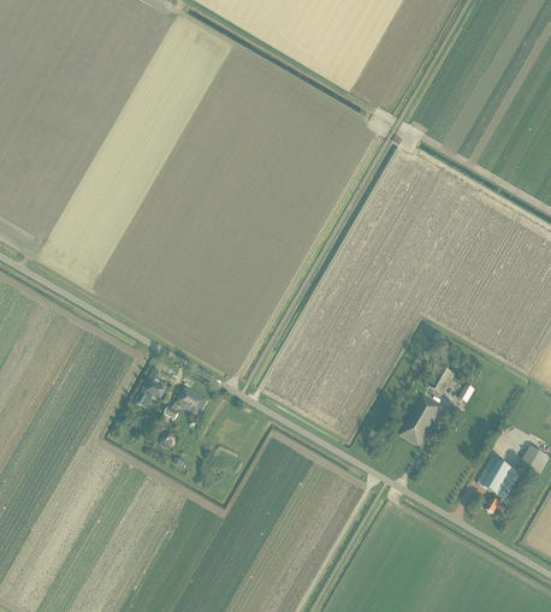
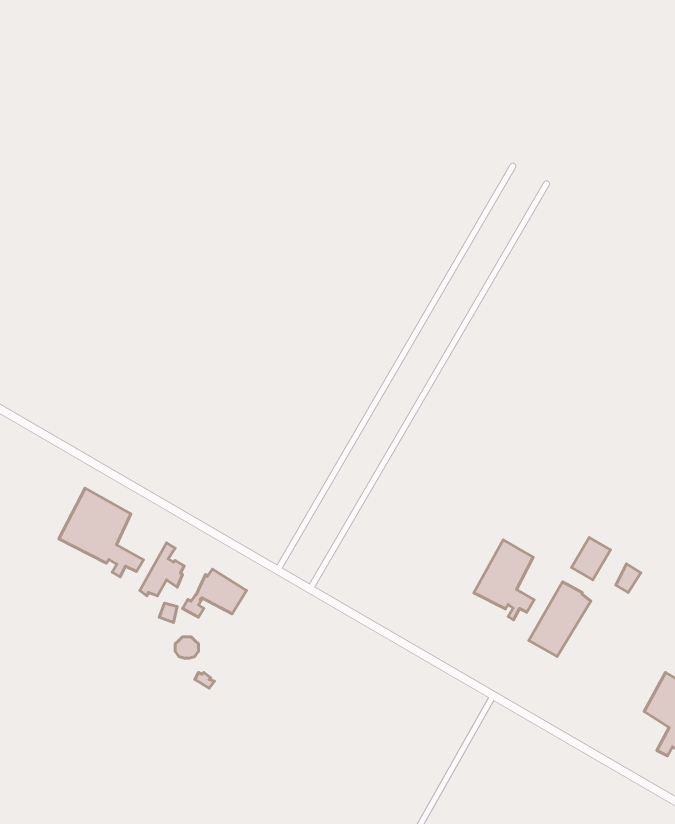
building: none -> [59,488,144,577]
building: none -> [474,540,534,620]

